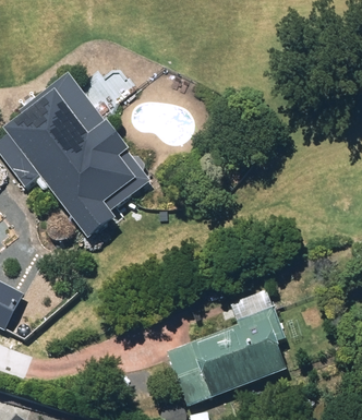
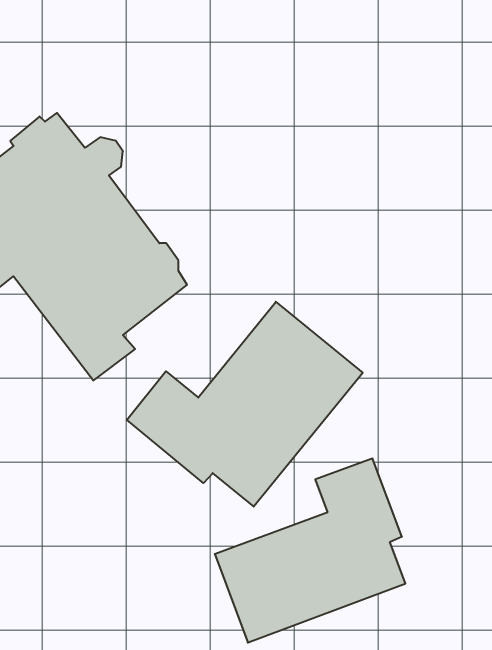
building: none -> [127,302,363,507]

